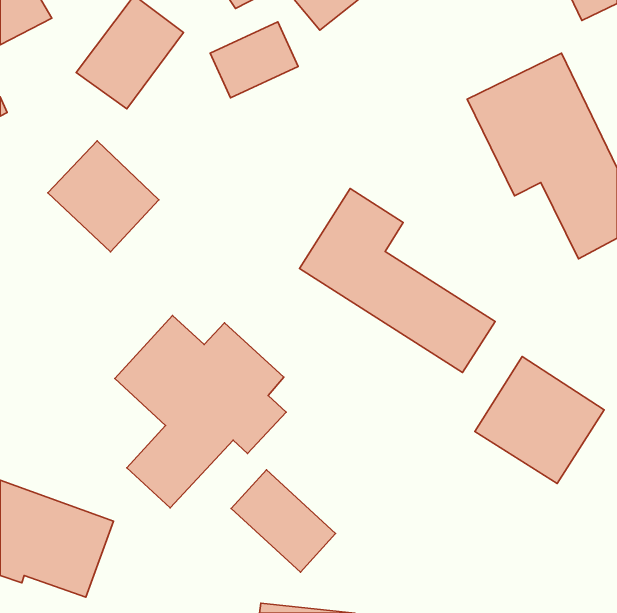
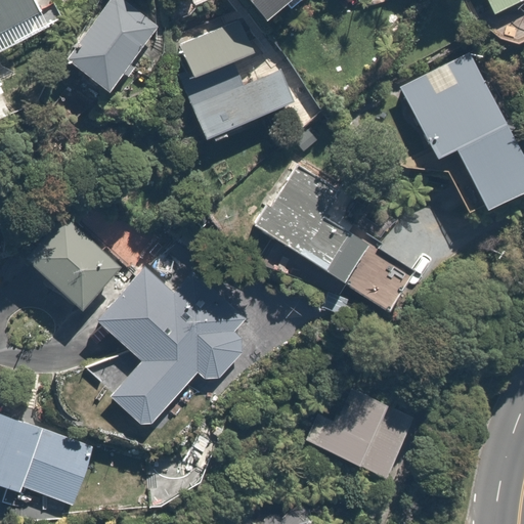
building: none -> [187,54,292,145]
building: [48,141,159,252] -> [27,216,121,310]
building: [475,357,604,483] -> [316,380,426,487]
building: [231,470,336,572] -> none

